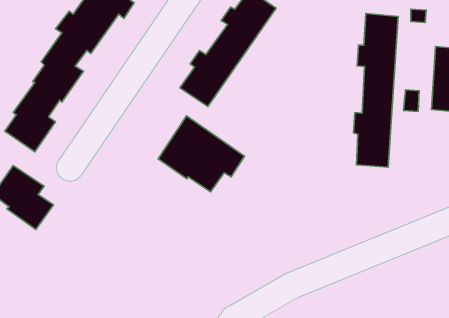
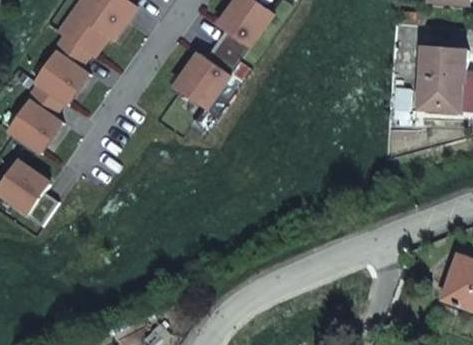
building: [353,13,398,167] -> none
building: [158,116,244,192] -> none

